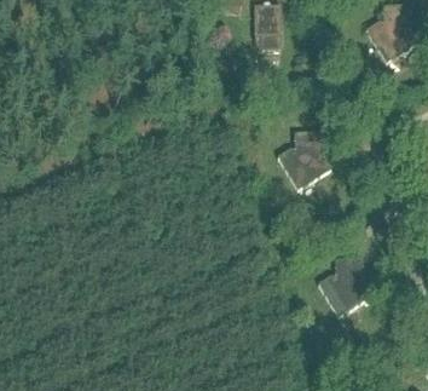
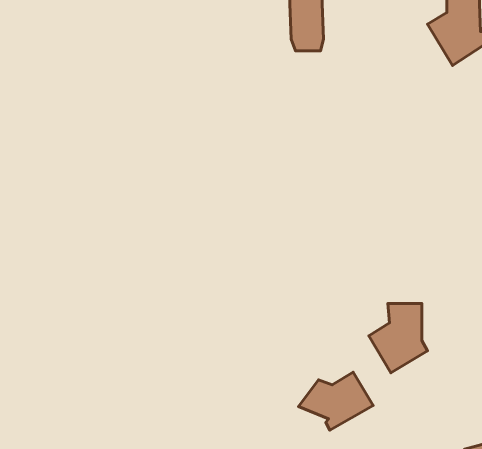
building: [277,131,329,189] -> none
building: none -> [299,372,373,430]

